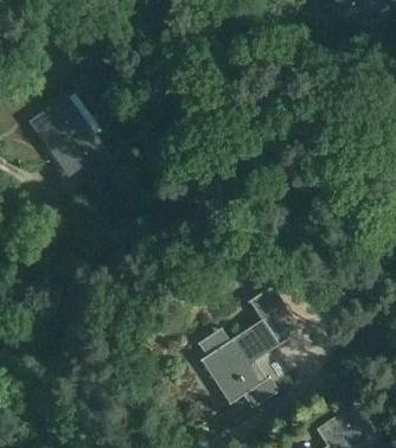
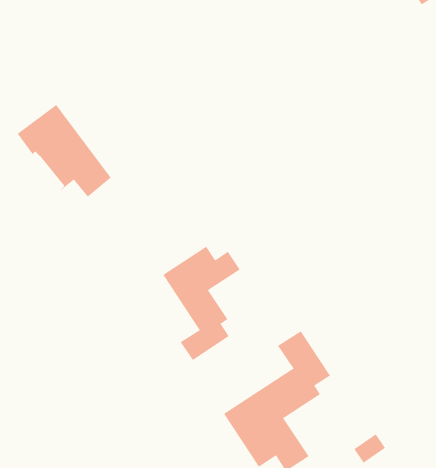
building: none -> [162,246,240,361]

